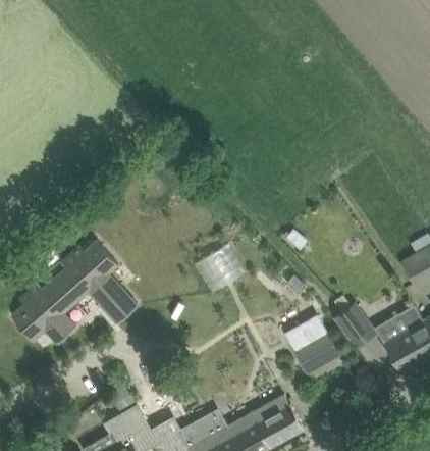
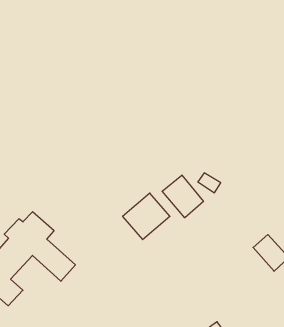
building: none -> [162,175,203,218]
building: [287,314,341,370] -> none

